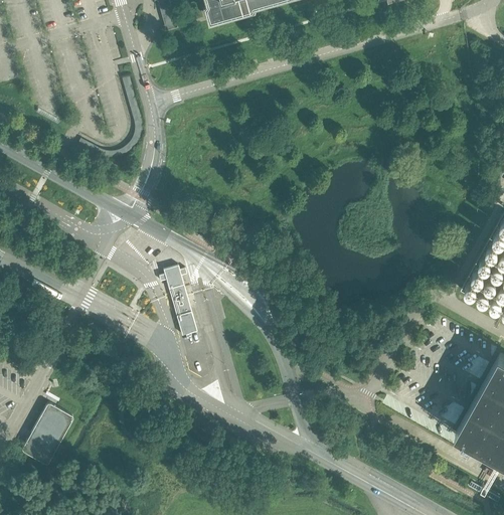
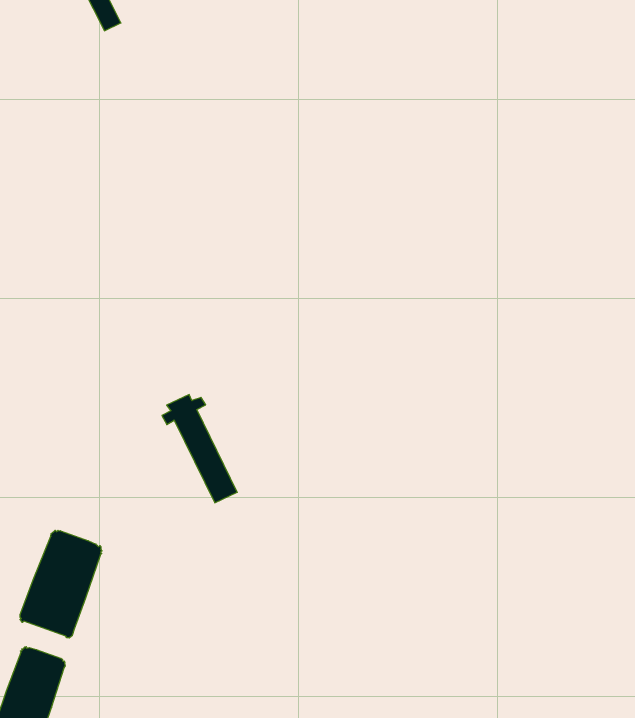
building: none -> [20,530,102,638]

